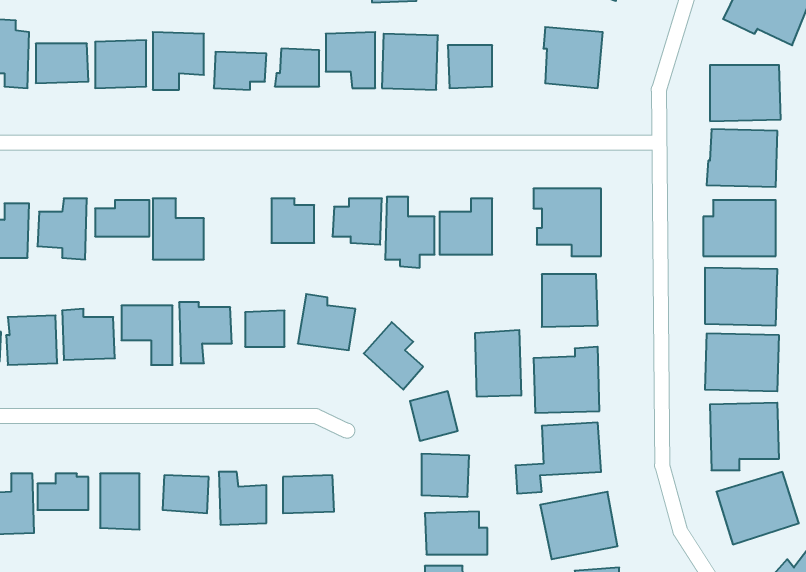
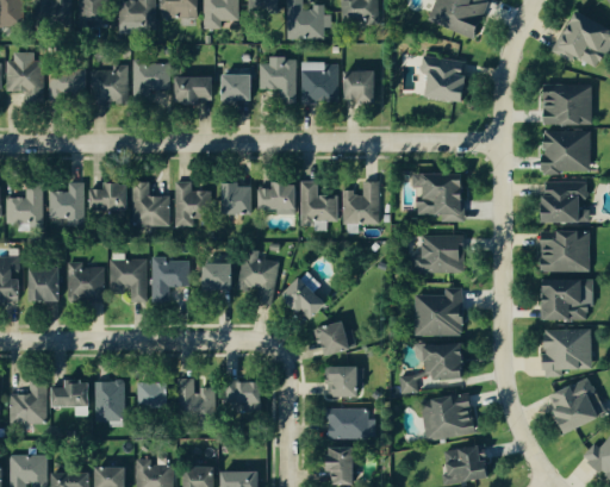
building: none -> [175,181,212,226]
building: [475,330,521,397] -> none

